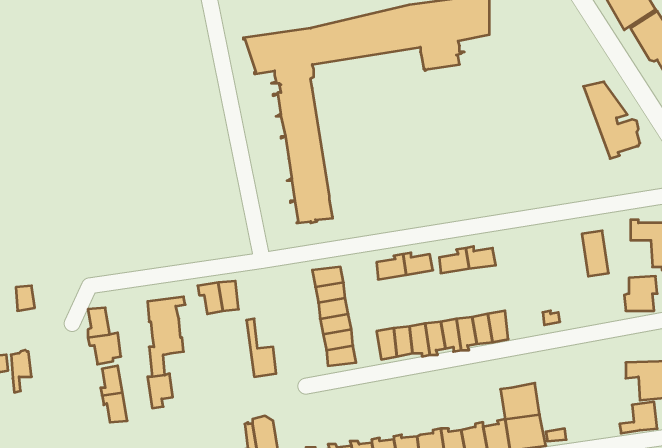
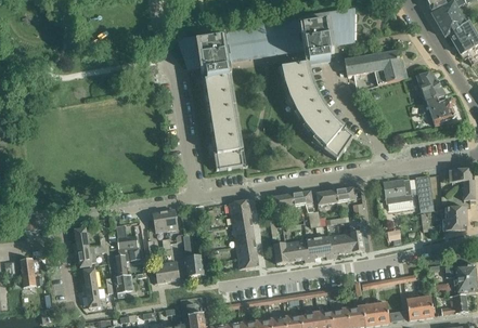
building: none -> [345,50,403,83]
building: none -> [279,63,352,157]
building: none -> [384,178,413,202]
building: none -> [154,260,180,283]
building: [500,383,540,419] -> [406,294,434,319]

